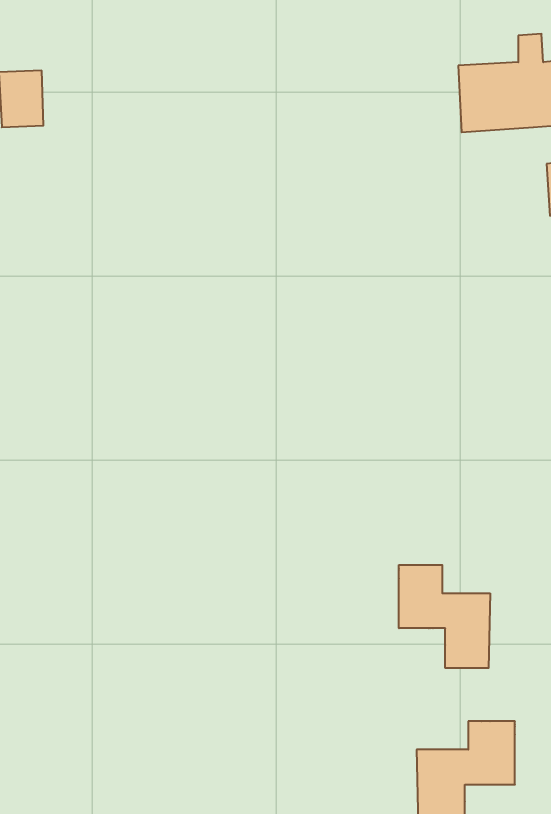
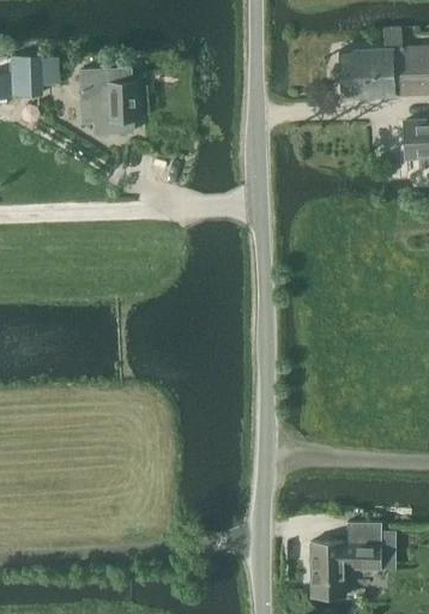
building: none -> [80,70,138,134]
building: [399,565,490,668] -> none

